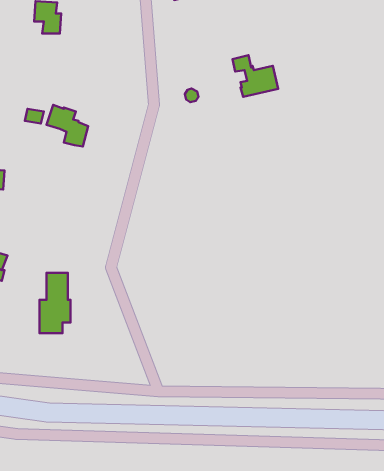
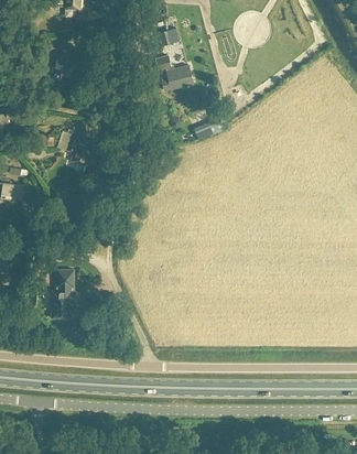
building: [232,55,278,97] -> [155,56,193,90]

